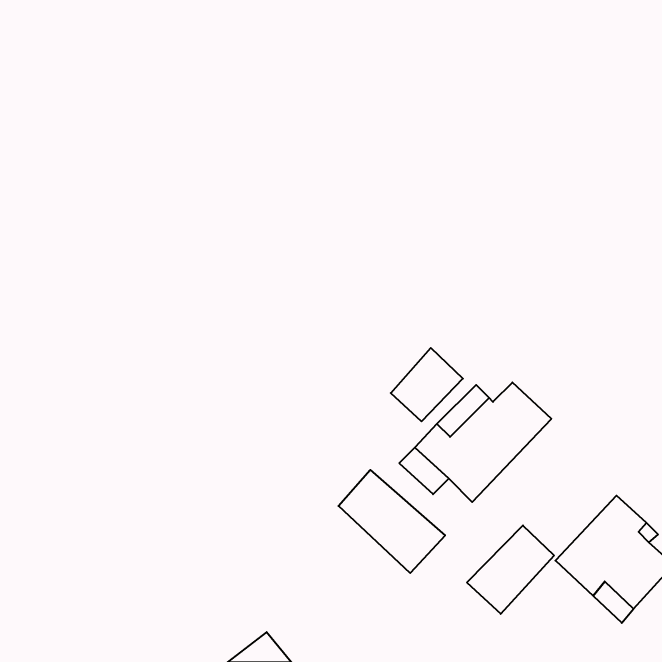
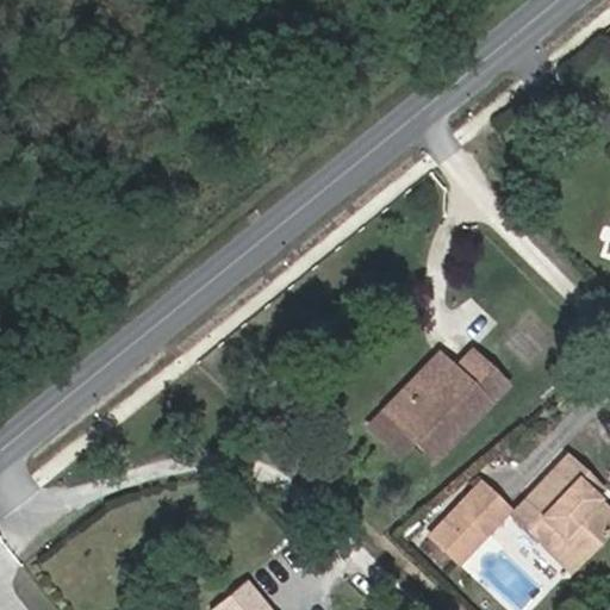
building: [391,348,463,421] -> none
building: [338,470,445,573] -> none

